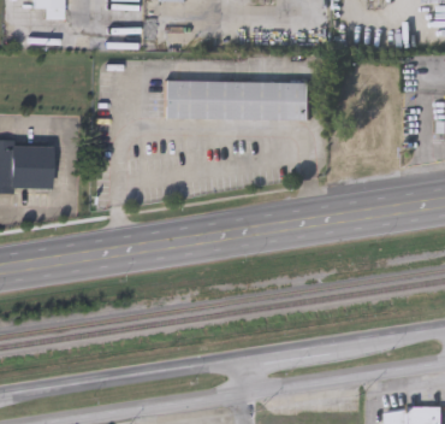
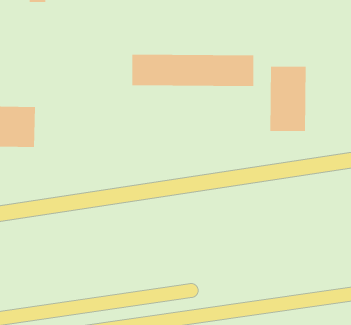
building: none -> [270,66,306,132]

